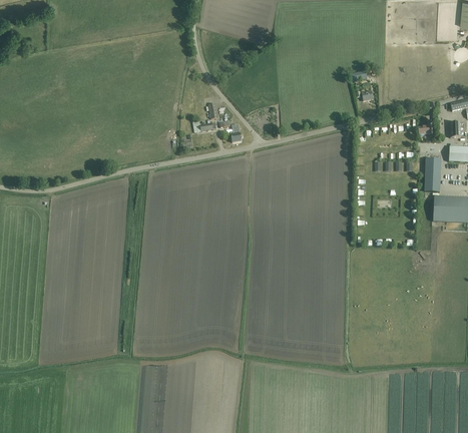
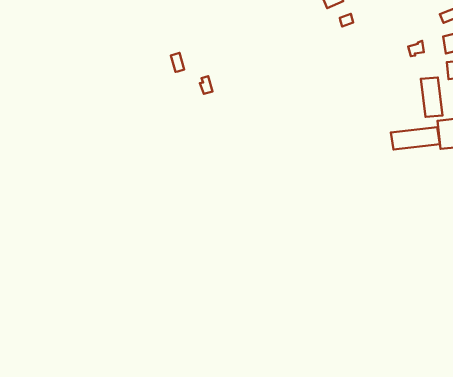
building: none -> [391,127,440,149]

